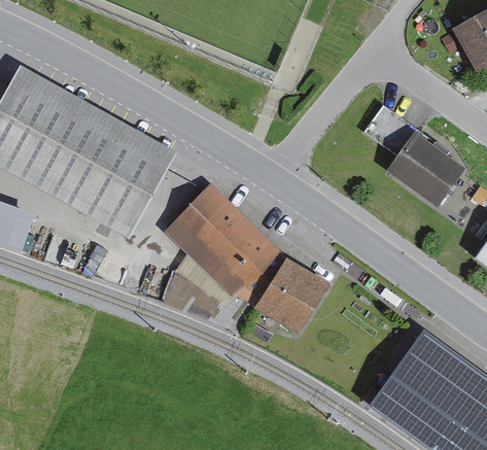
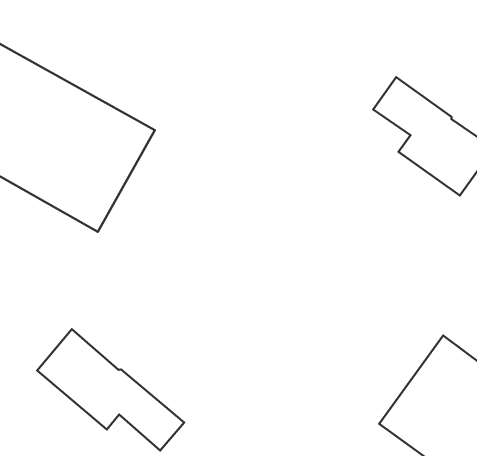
building: [164,184,329,335] -> none
building: none -> [37,329,184,451]

